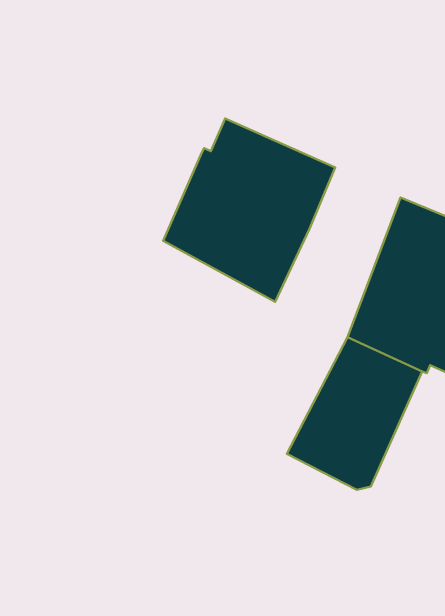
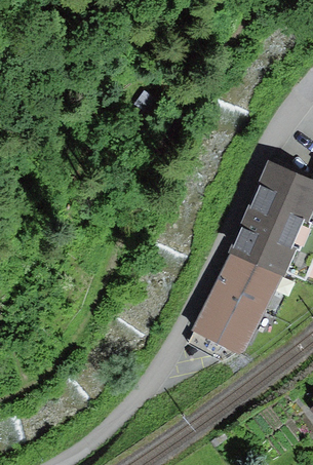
building: [163,119,335,302] -> none

